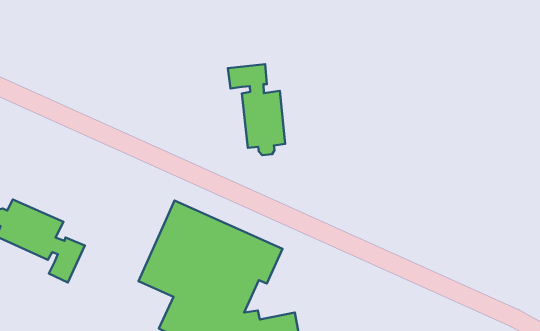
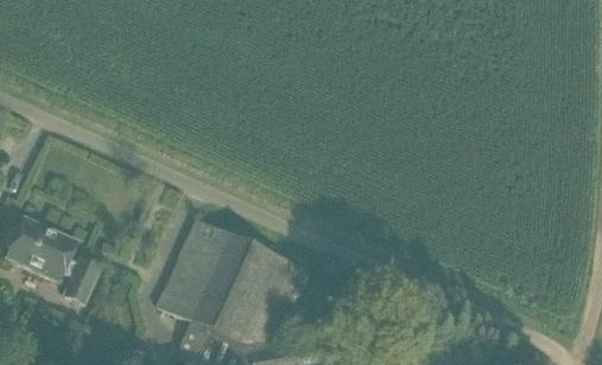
building: [228,64,285,155] -> none

